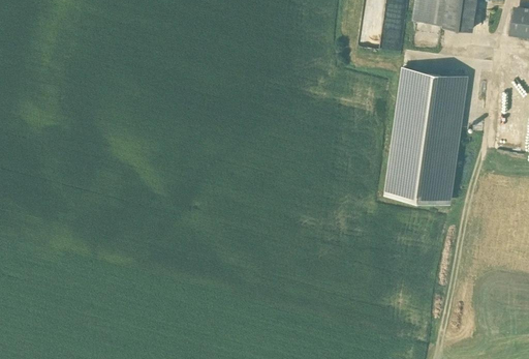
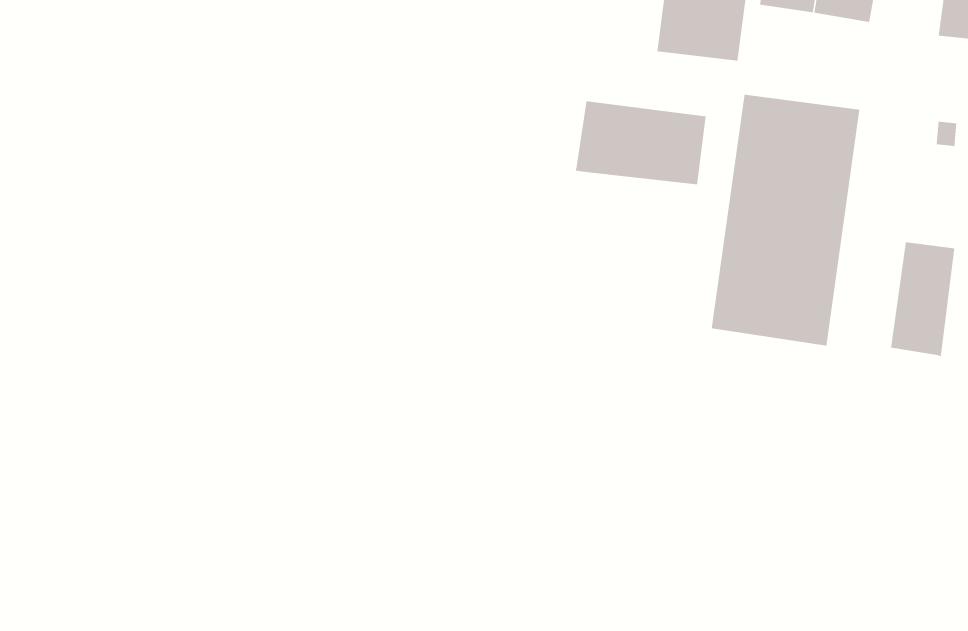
building: none -> [575,100,706,185]
building: none -> [891,241,955,357]

